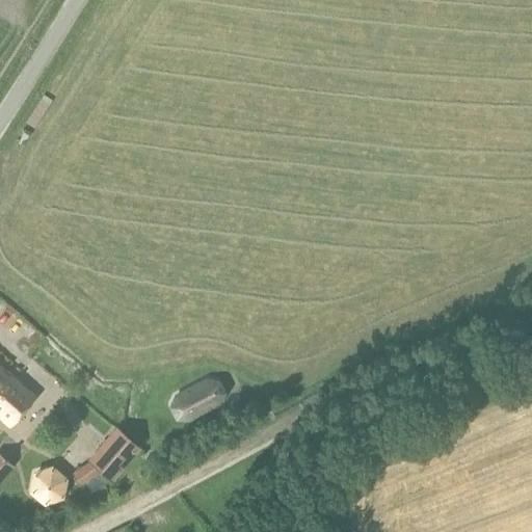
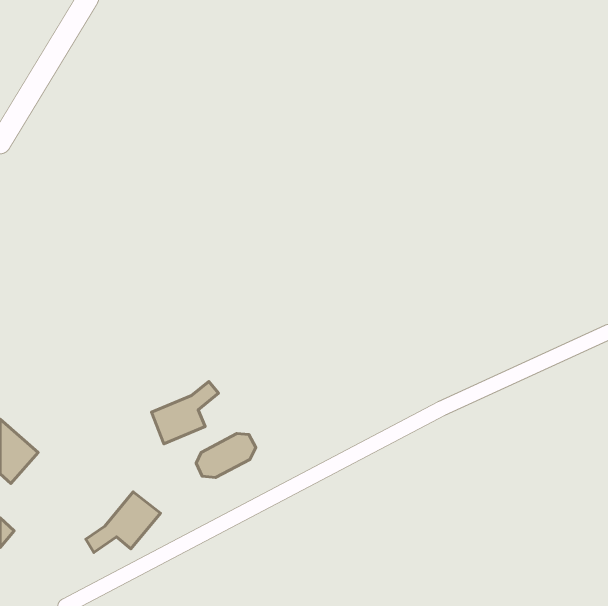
building: none -> [152,382,219,444]
building: [32,467,64,500] -> none

